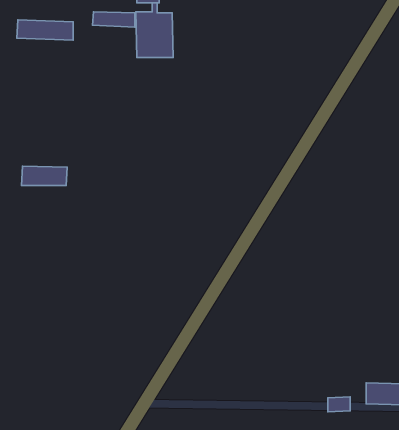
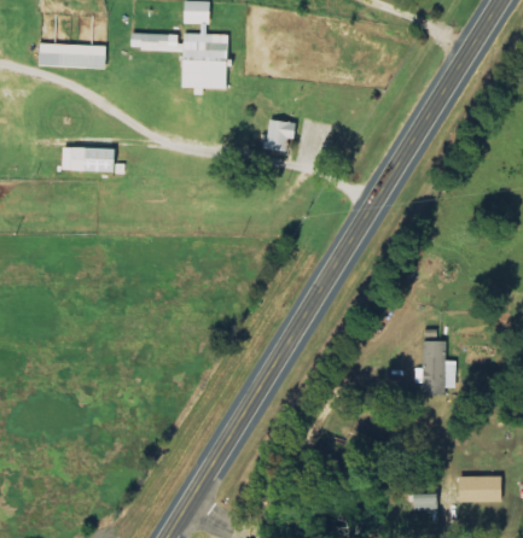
building: none -> [265,122,294,151]
building: [22,166,67,185] -> [62,148,116,171]
building: none -> [416,331,457,396]

